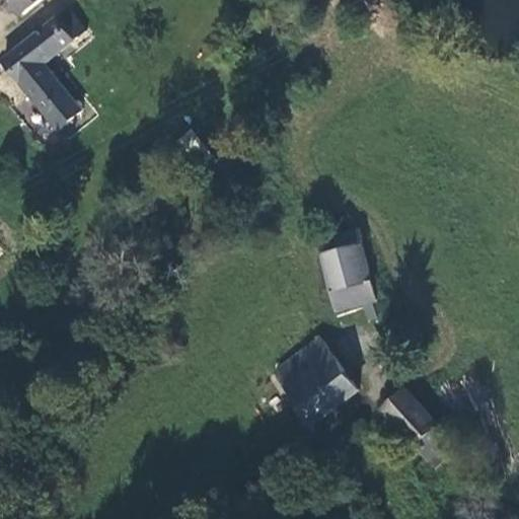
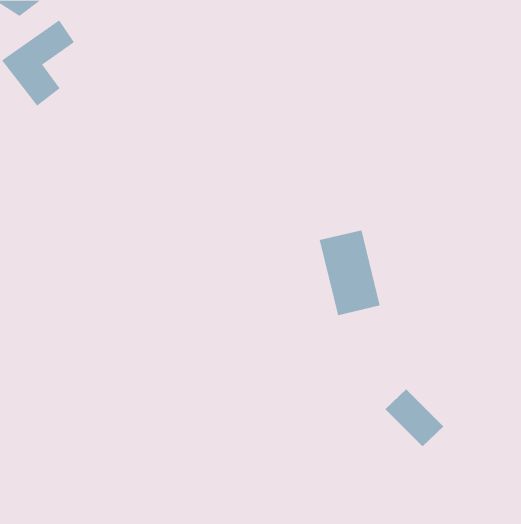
building: [36,87,80,131] -> none
building: [268,336,358,426] -> none

